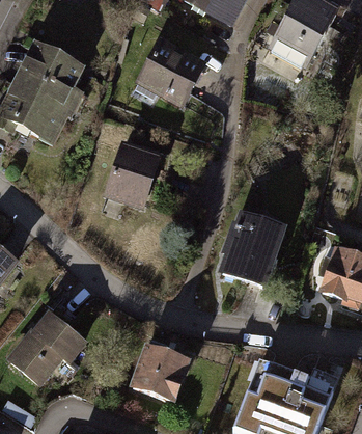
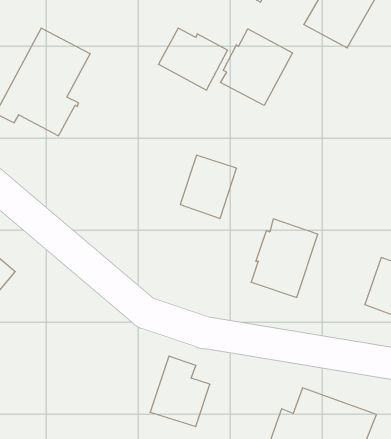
building: none -> [220,29,292,105]
building: [109,147,159,204] -> [180,155,237,219]
building: [12,315,84,381] -> none

